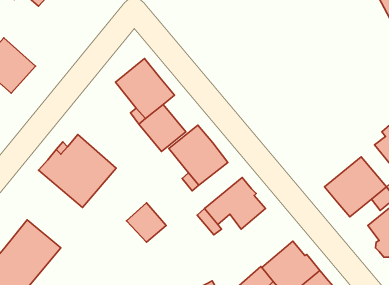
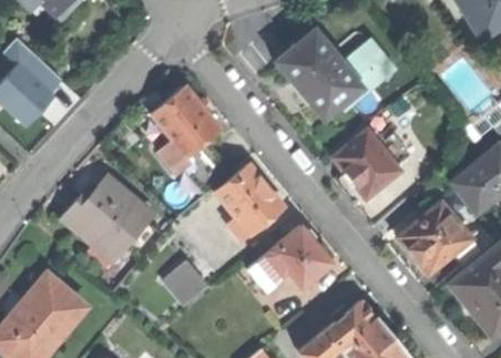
building: none -> [275,28,392,119]
building: none -> [331,129,400,197]

